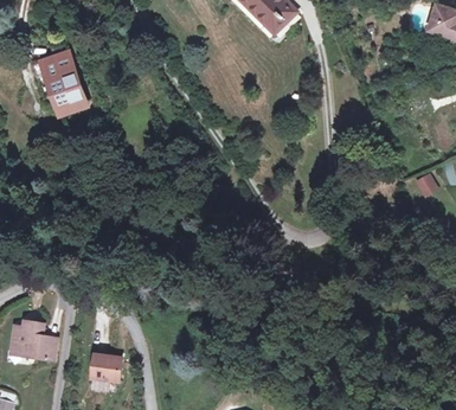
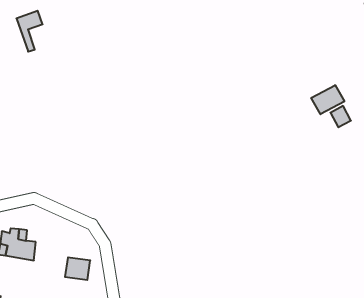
building: [44,50,86,115] -> none
building: none -> [311,85,344,114]

